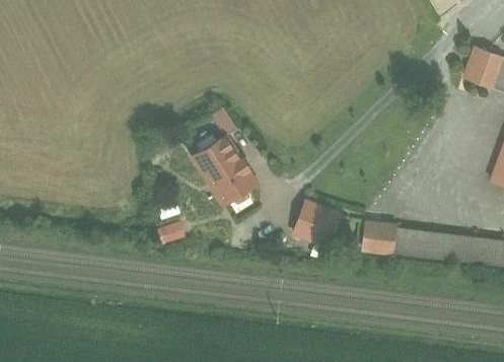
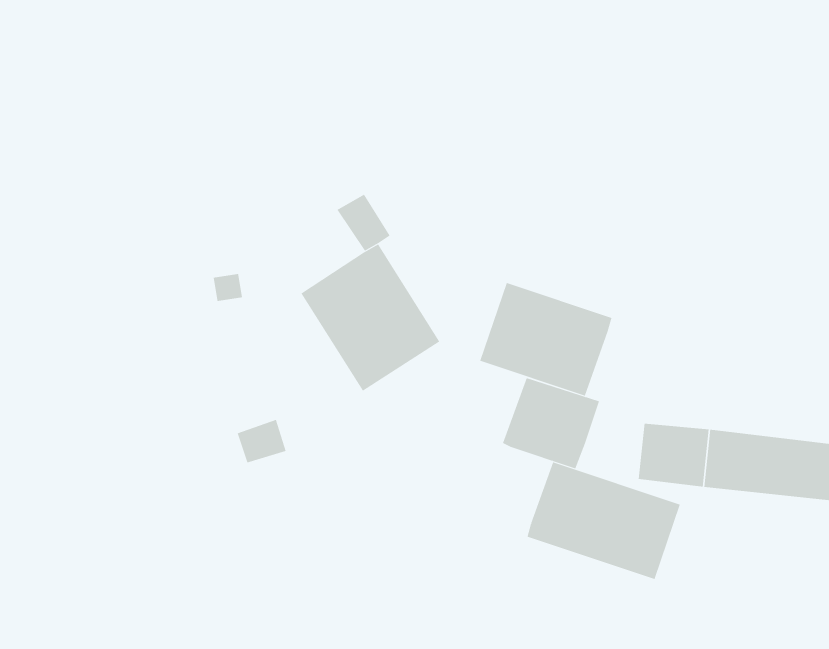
building: none -> [480,282,612,397]
building: none -> [527,461,681,580]

